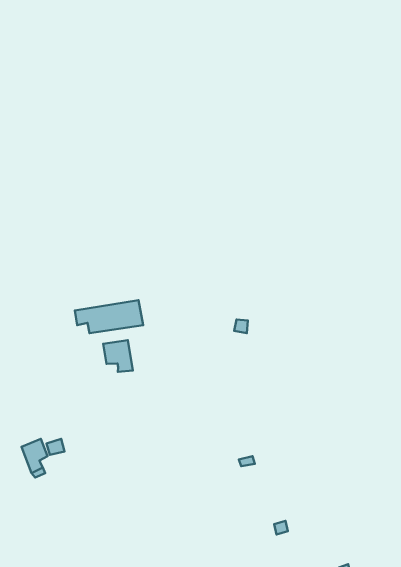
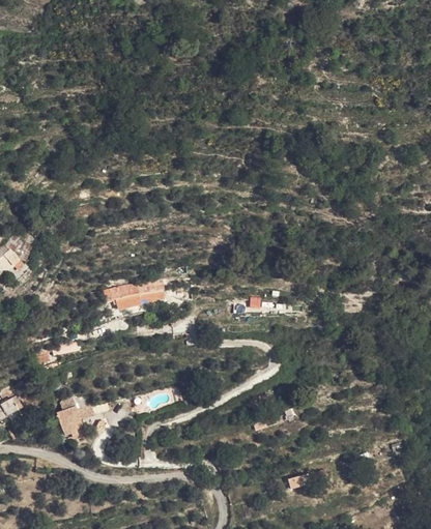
building: [103,340,133,372] -> none

